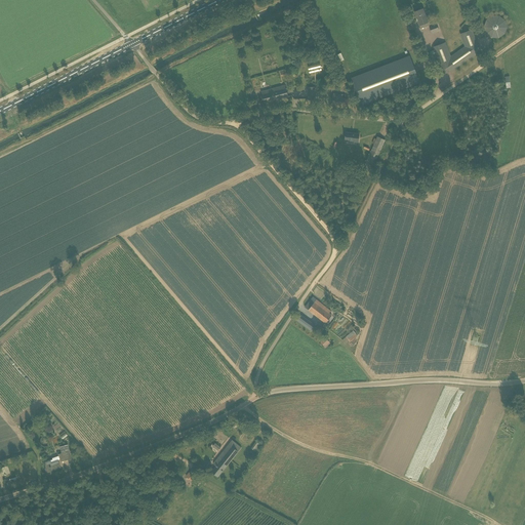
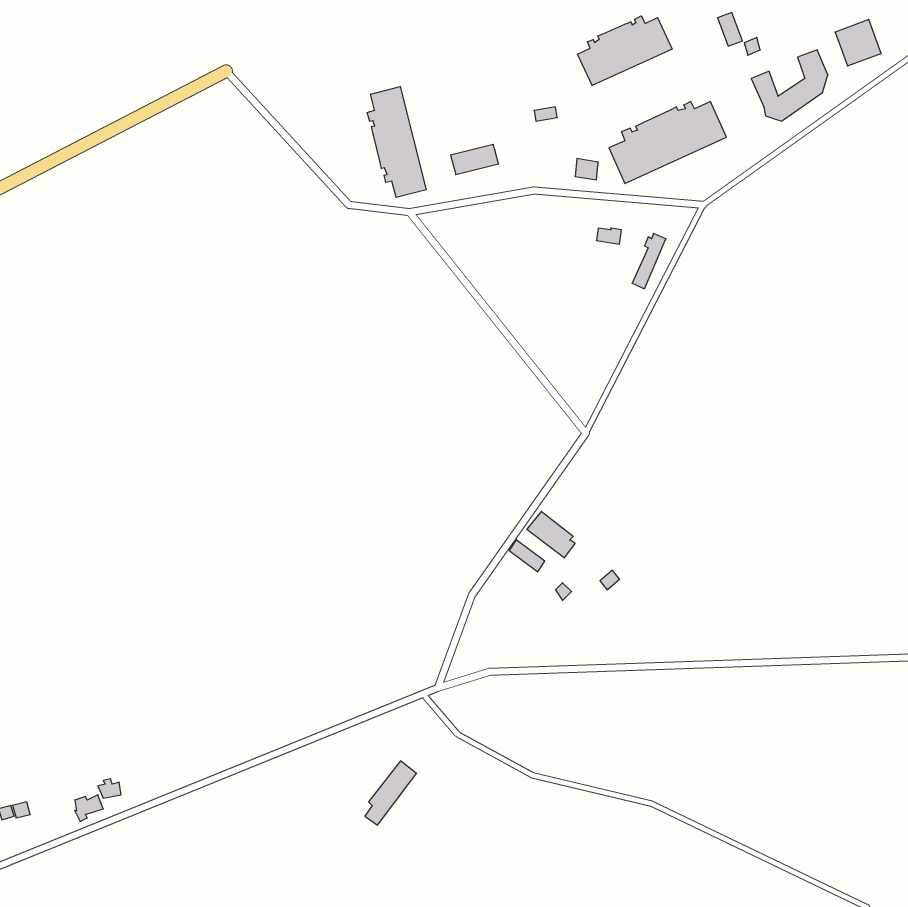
building: none -> [578,16,672,86]
building: none -> [367,86,426,197]

